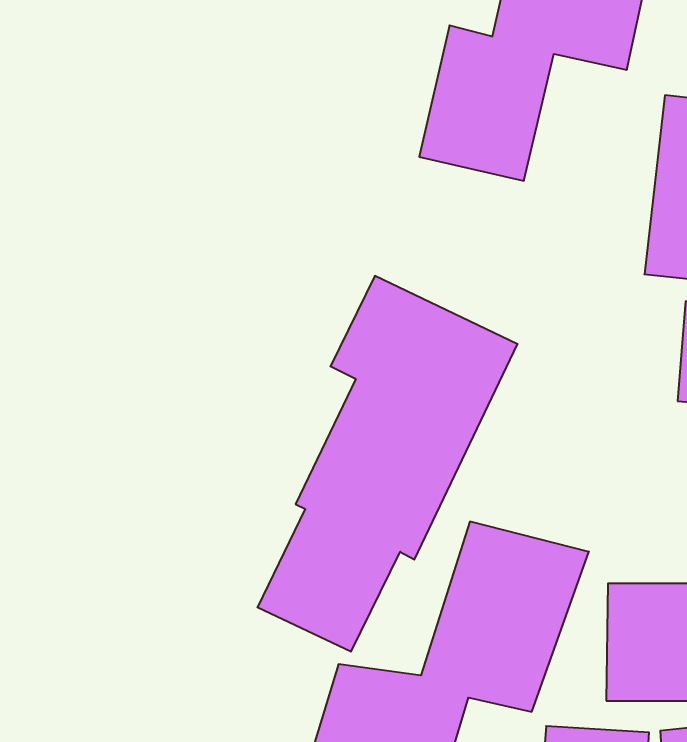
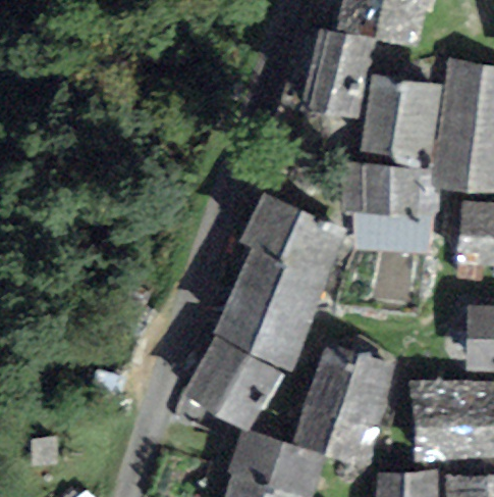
building: none -> [362,73,441,159]
building: none -> [341,165,424,215]

